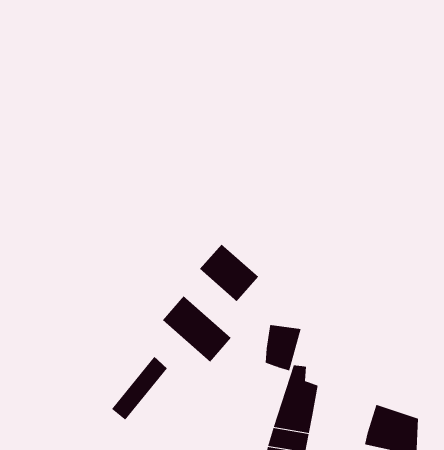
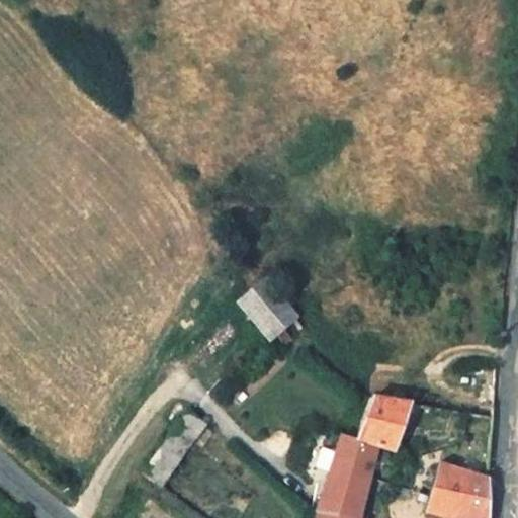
building: [162,296,231,362] -> none
building: [265,324,302,371] -> [361,396,403,448]

